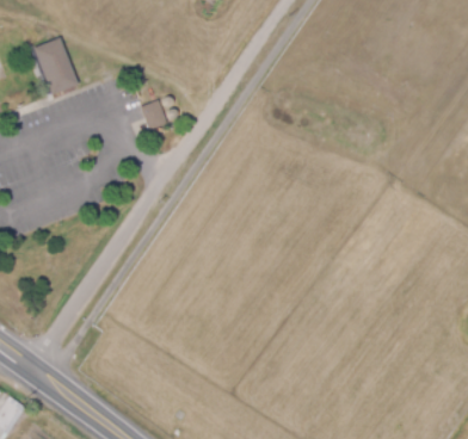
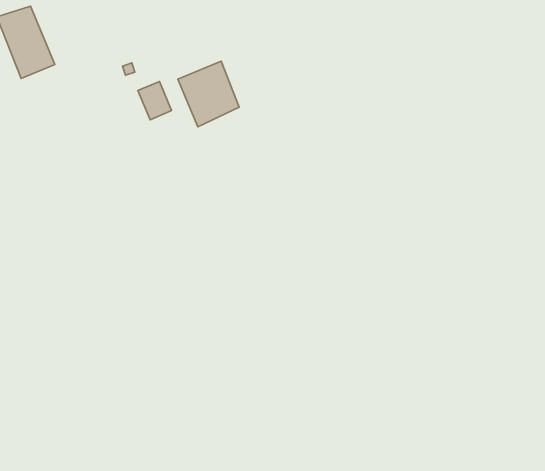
building: none -> [178,61,239,127]

